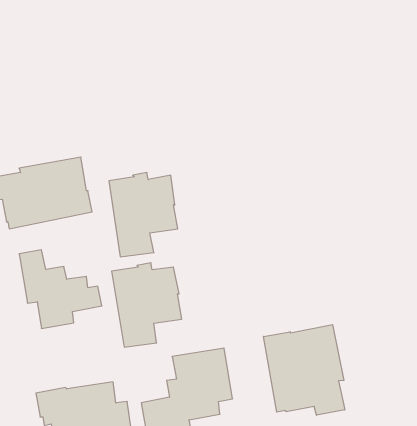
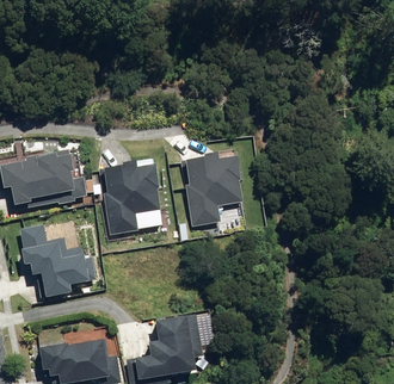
building: [112,263,182,347] -> [181,153,241,224]
building: [264,325,345,415] -> none

